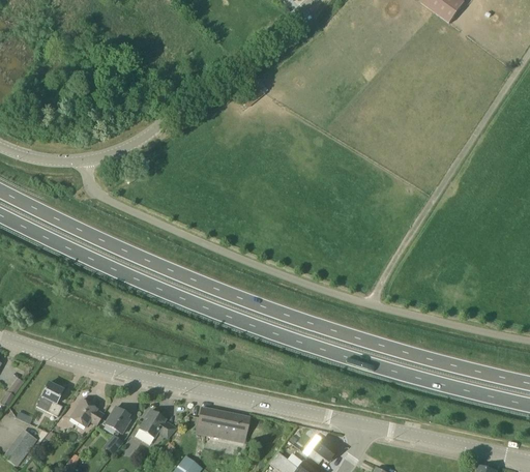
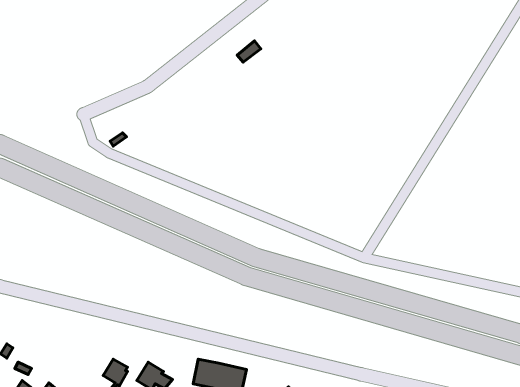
building: [36,381,63,415] -> none
building: [70,399,102,425] -> none

